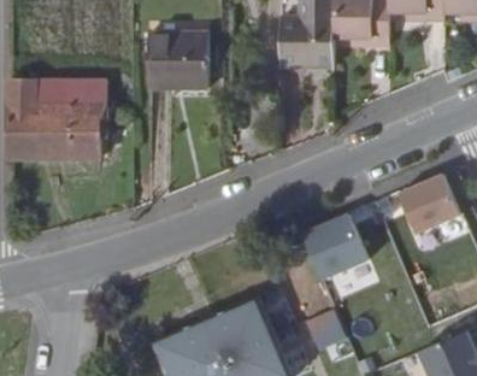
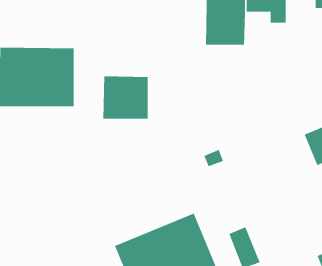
building: [146,30,206,87] -> [102,76,148,119]
building: [306,212,371,276] -> none

